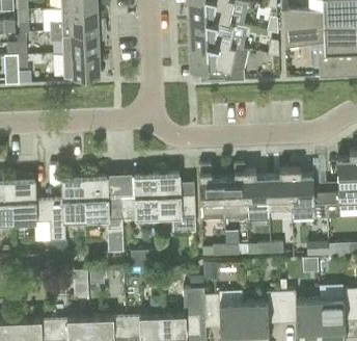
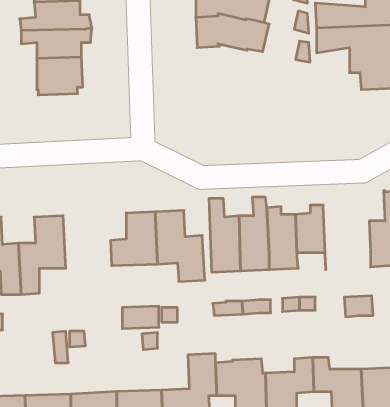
building: [189,42,247,82] -> none
building: [289,169,326,220] -> none
building: [83,177,122,251] -> none

